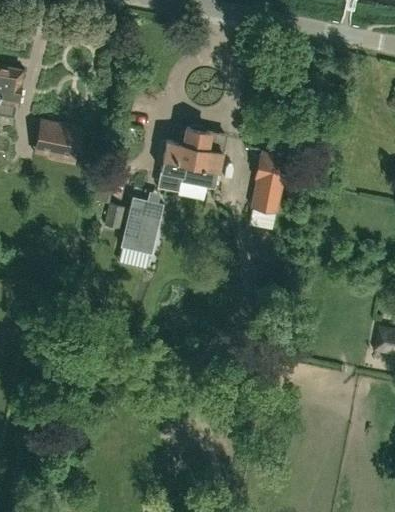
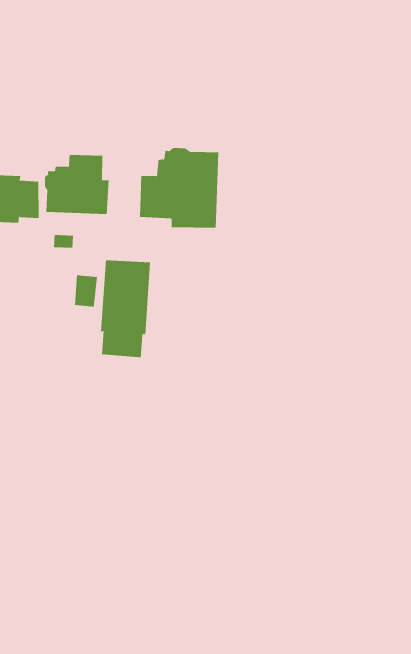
building: none -> [44,154,109,215]
building: [249,152,287,217] -> none

